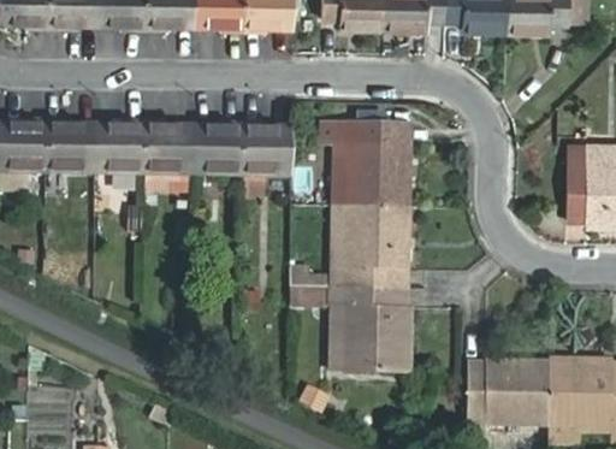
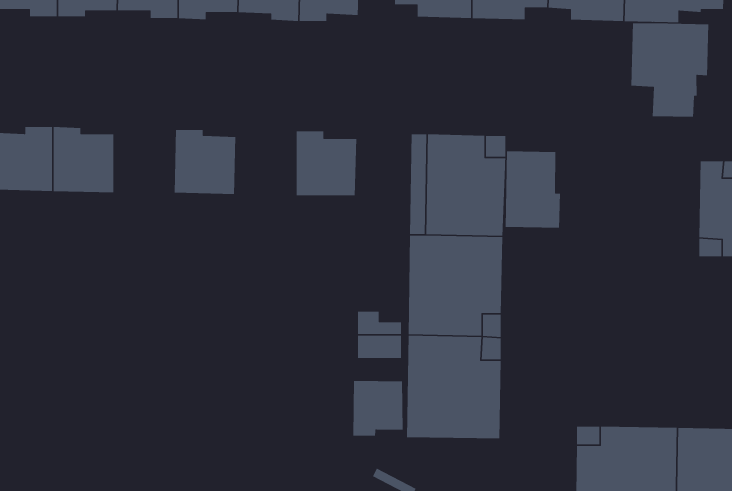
building: none -> [630,23,709,118]
building: [95,119,144,172] -> none
building: [192,120,242,175] -> none
building: none -> [505,151,561,229]
building: none -> [352,380,403,436]

